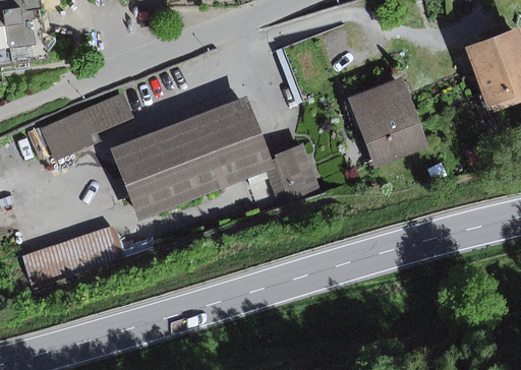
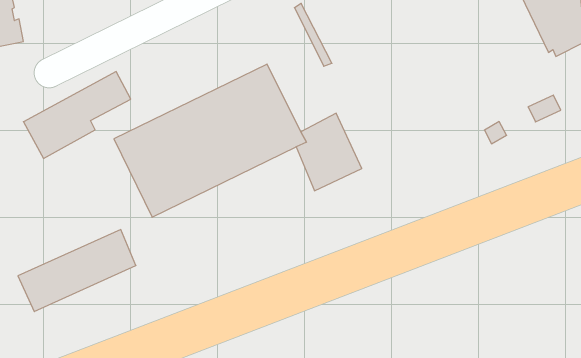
building: [348,77,428,166] -> none

